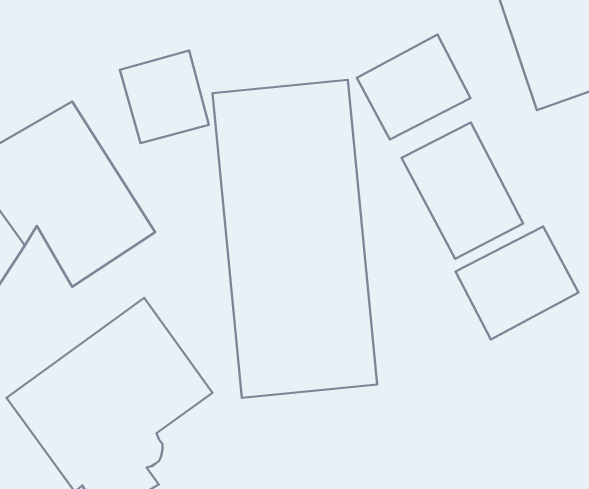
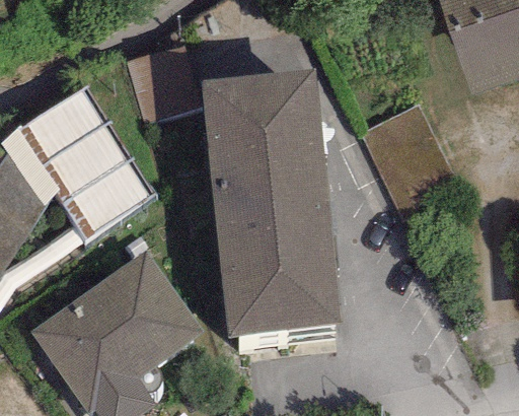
building: [357,35,471,140] -> none
building: [456,226,579,340] -> none

